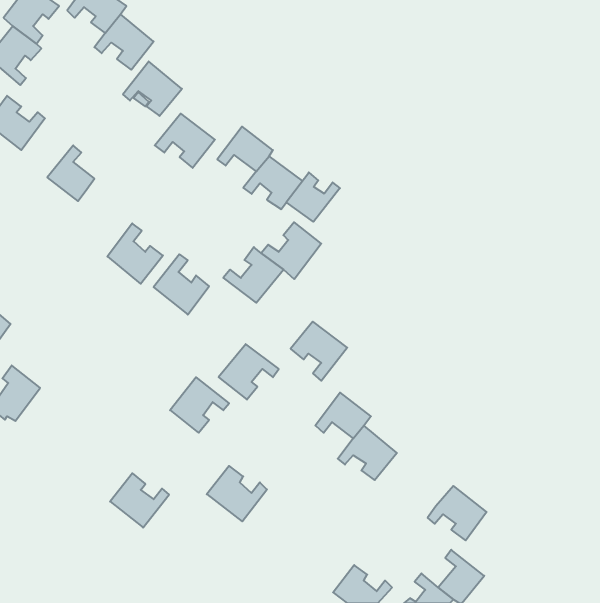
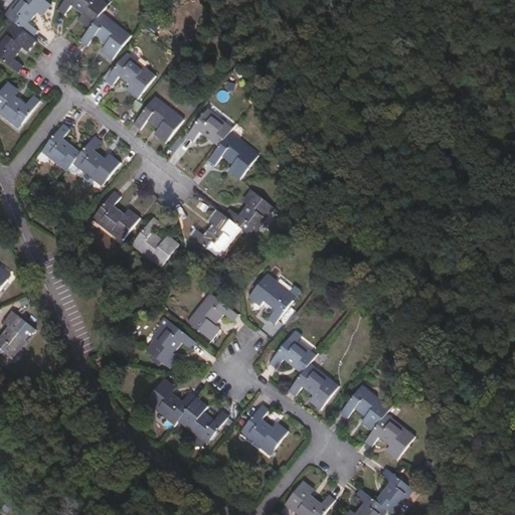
building: none -> [72,136,119,185]
building: [286,172,340,222] -> none
building: none -> [339,384,390,431]
building: [110,473,169,528] -> [145,378,195,424]
building: none -> [239,404,288,455]

